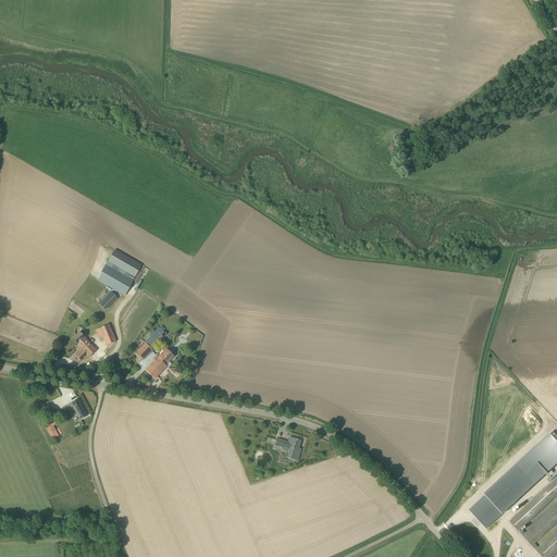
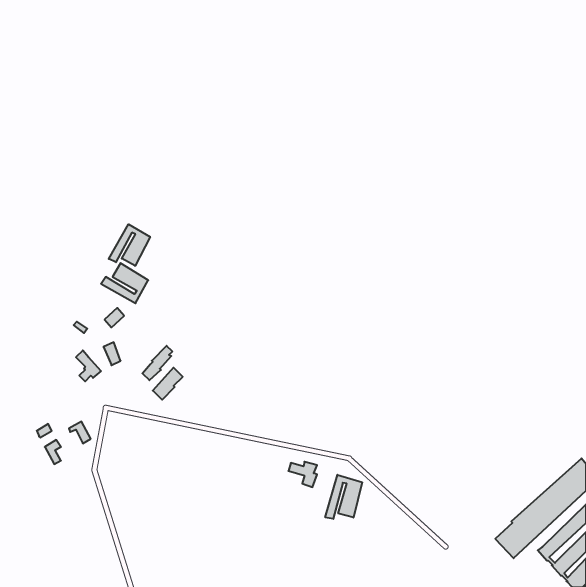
building: none -> [109,224,150,266]
building: none -> [325,475,362,519]

